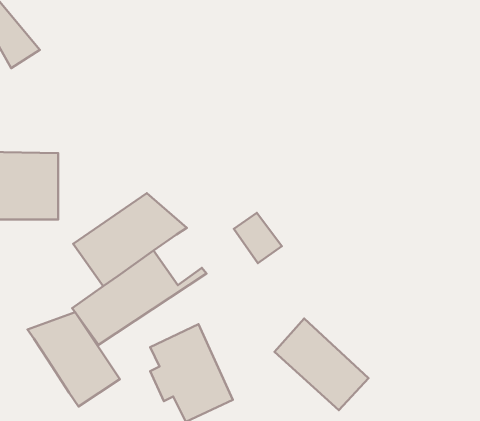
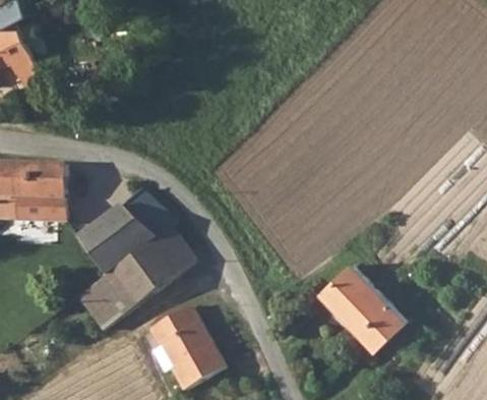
building: [234,213,282,263] -> [148,231,191,276]
building: [27,312,120,406] -> none
building: [274,318,369,410] -> [317,260,401,341]

